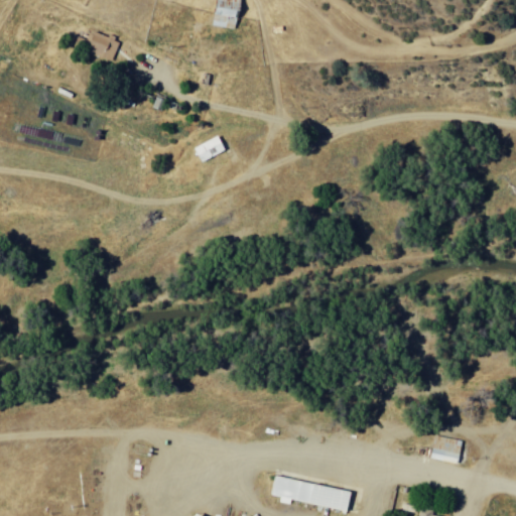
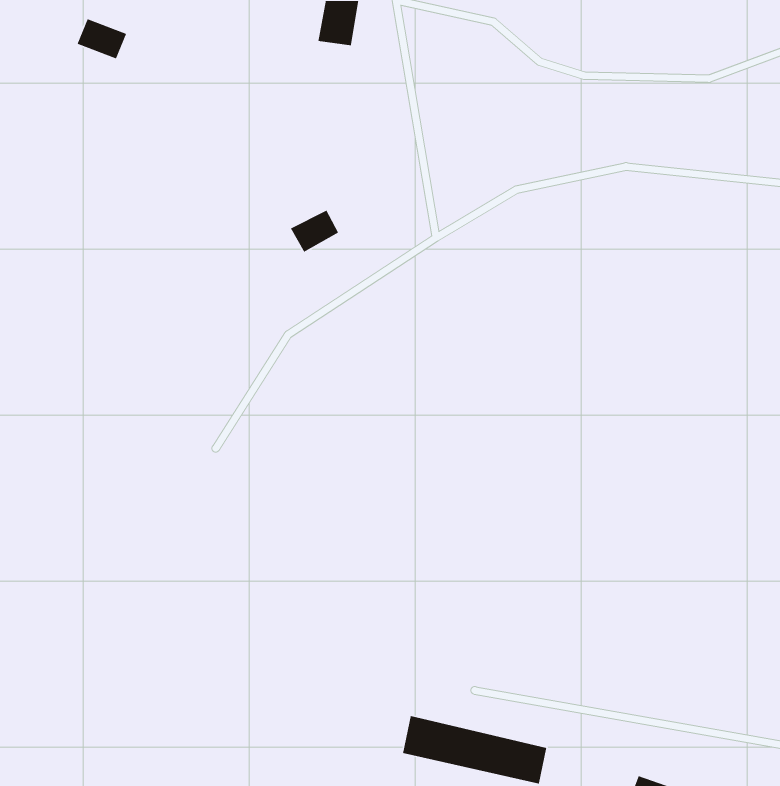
building: [87,33,120,60] -> [76,18,127,60]
building: [431,435,462,464] -> none

